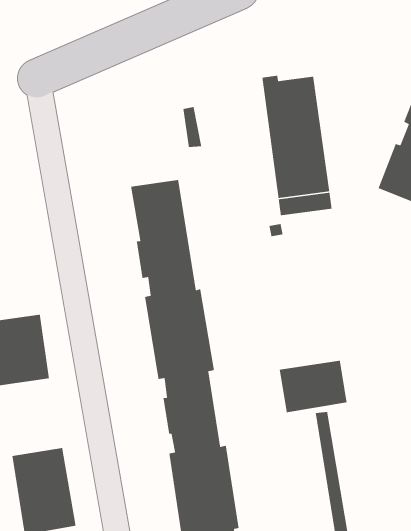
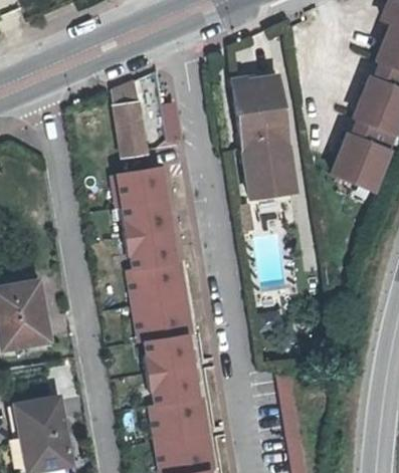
building: none -> [112,80,148,158]
building: [279,360,347,413] -> none

